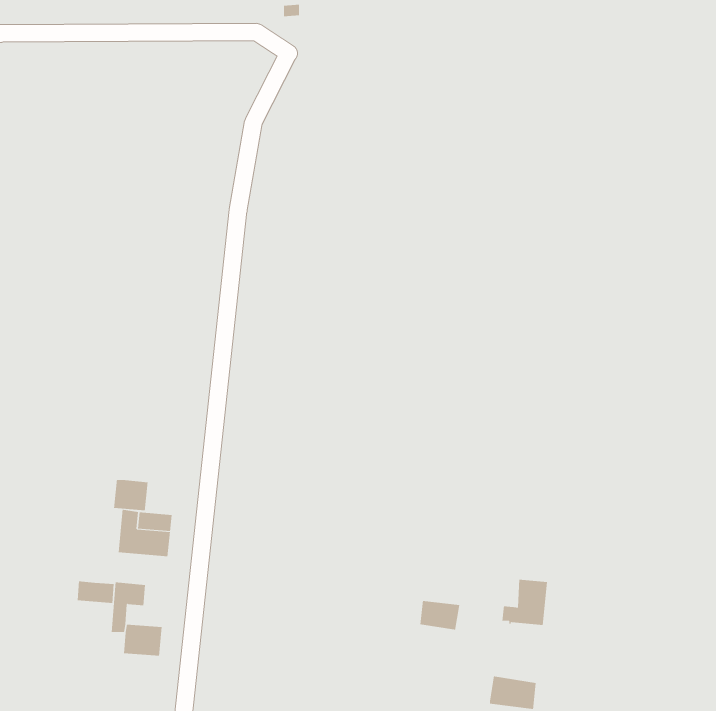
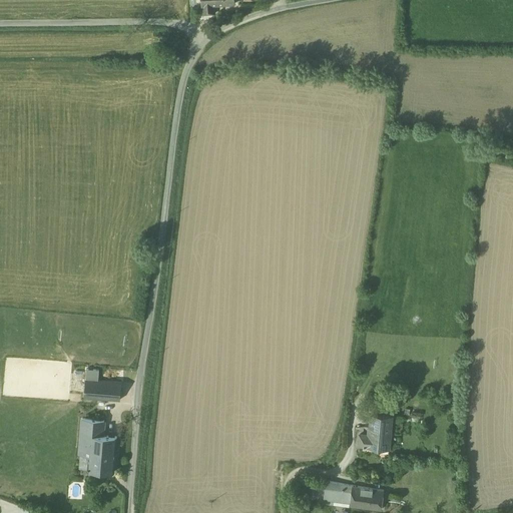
building: [114,479,148,511] -> none
building: [77,581,115,603] -> [90,436,117,452]
building: [419,601,460,630] -> [324,484,353,505]

